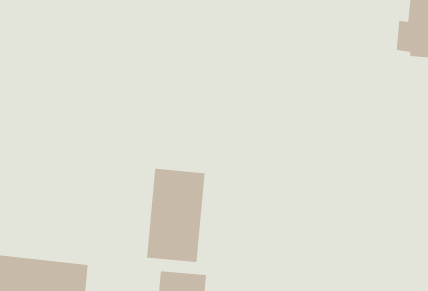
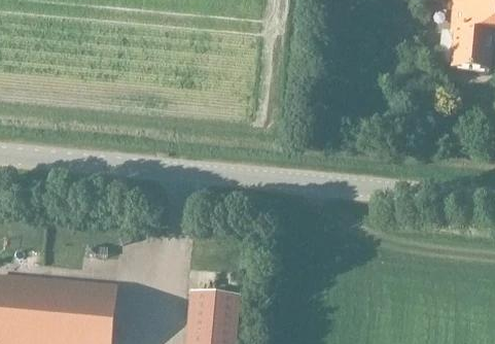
building: [146,168,205,263] -> none

